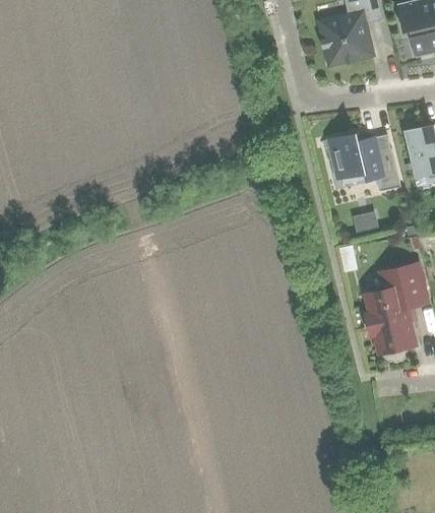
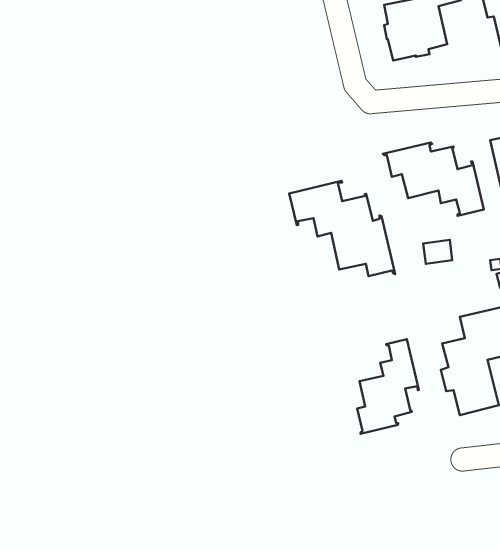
building: none -> [289,181,395,276]
building: none -> [357,339,419,434]

